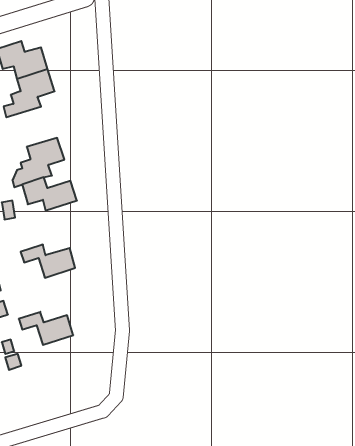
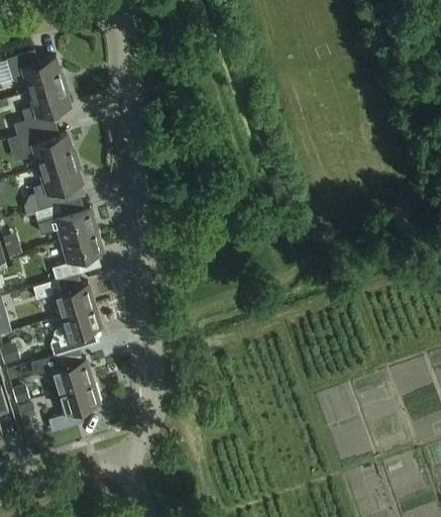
building: none -> [16,124,74,170]
building: none -> [51,230,103,281]
building: none -> [49,306,101,356]
building: none -> [47,382,99,432]

